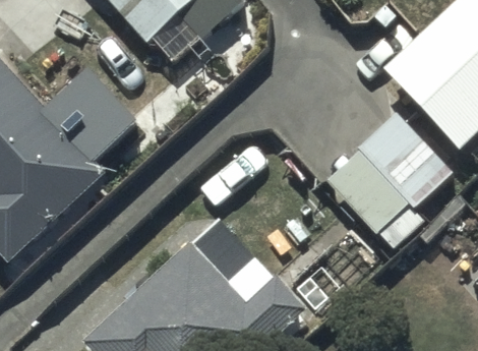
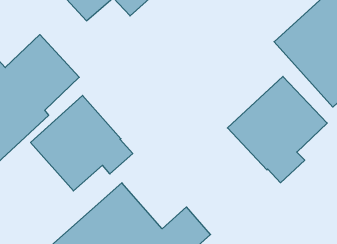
building: none -> [31,95,133,191]

